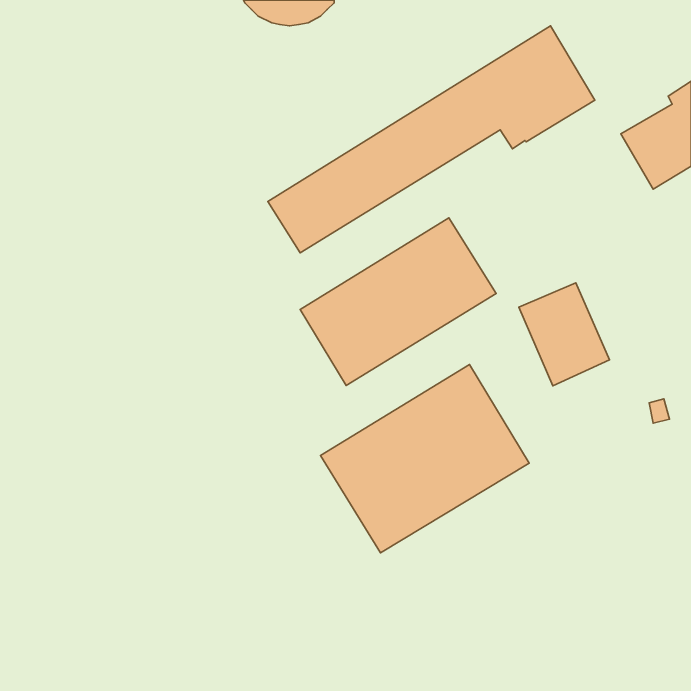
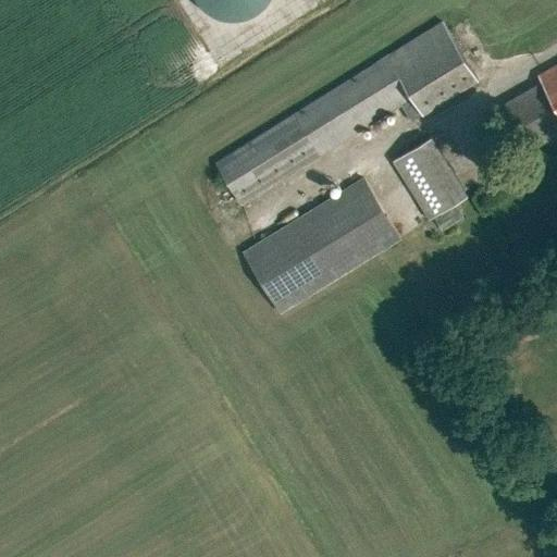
building: [519,283,610,386] -> [400,136,473,219]
building: [321,364,529,553] -> none

